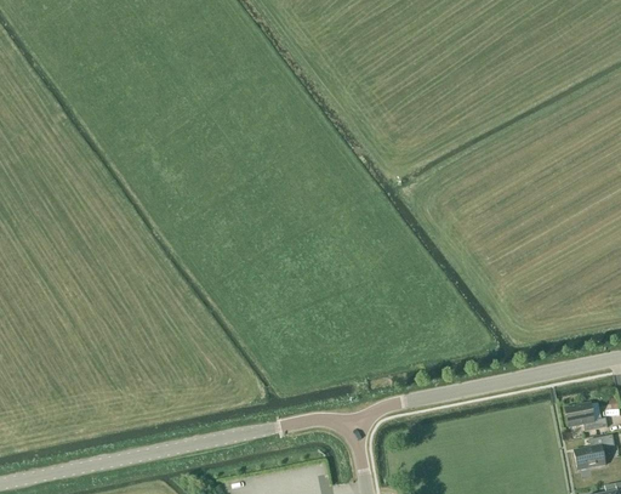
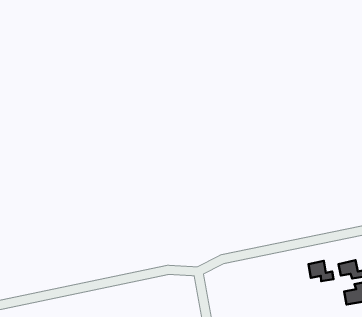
building: none -> [308,261,333,281]

